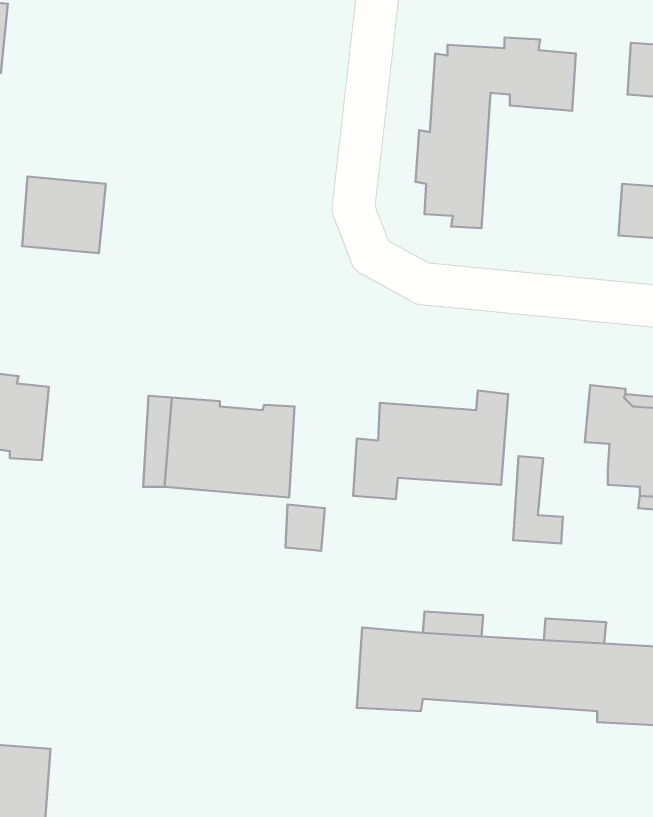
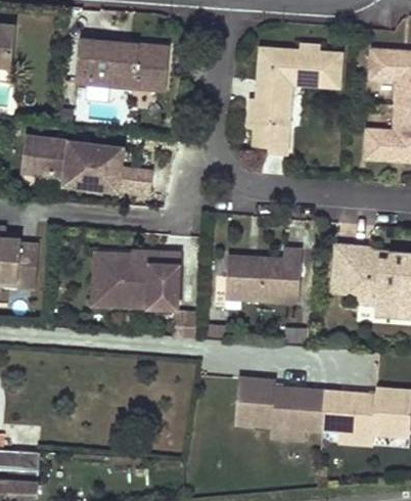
building: none -> [75,39,169,91]
building: none -> [65,130,152,188]
building: [513,456,563,544] -> [331,244,360,294]

